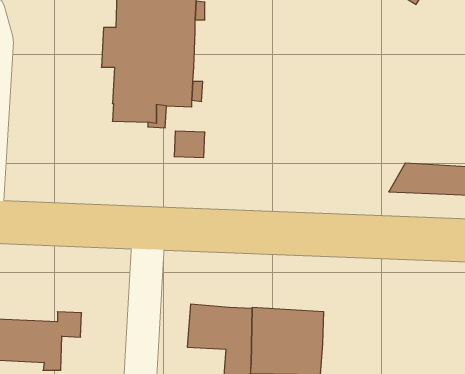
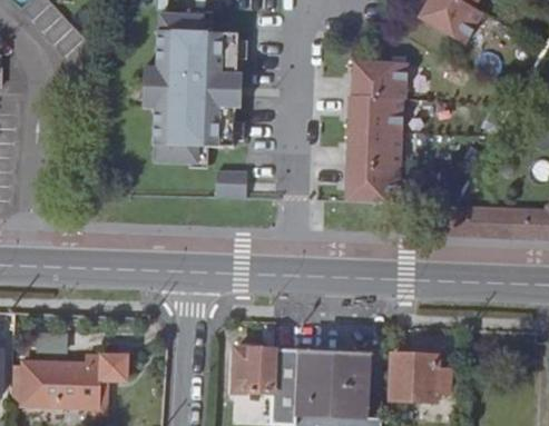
building: none -> [344,63,408,205]
building: none -> [392,354,437,400]

